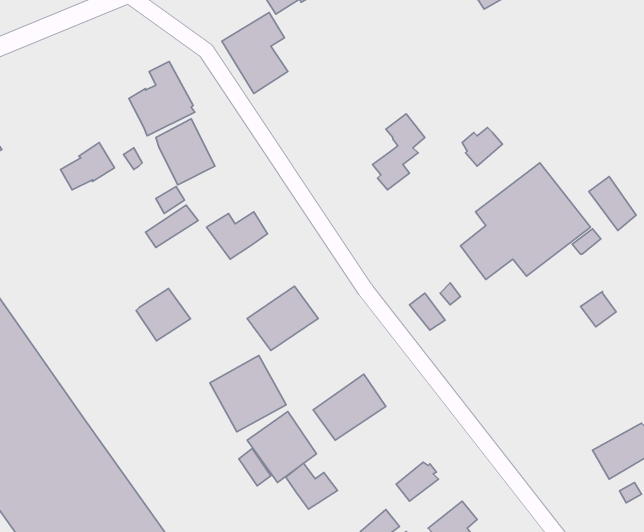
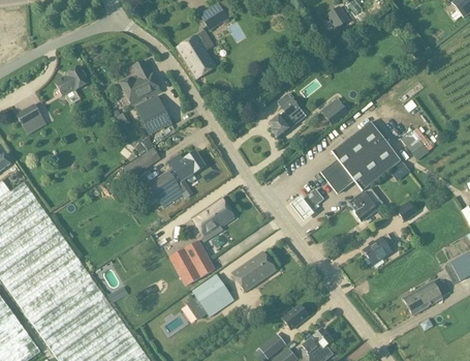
building: [60,142,115,190] -> [55,66,88,95]
building: none -> [349,188,380,221]
building: [136,289,190,341] -> [149,172,182,204]
building: none -> [363,234,394,265]
building: [286,463,338,509] -> none

